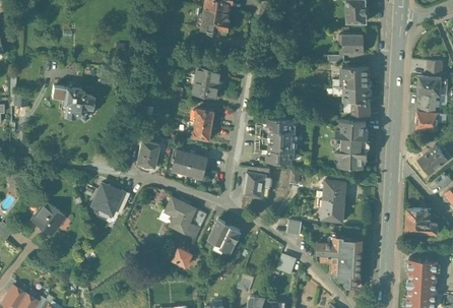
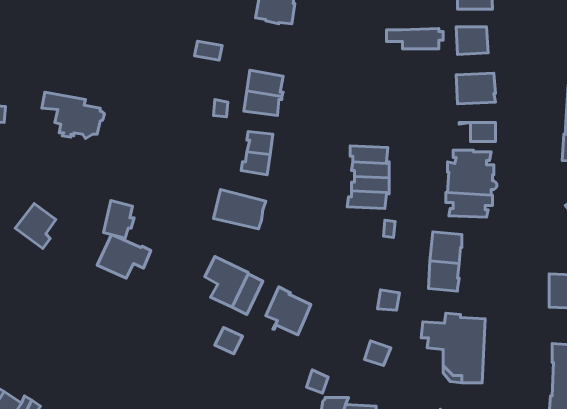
building: [332,89,372,104] -> [387,28,443,49]
building: [136,140,157,167] -> [104,200,134,238]
building: [243,173,265,197] -> none
building: [31,200,60,232] -> [15,203,56,249]

